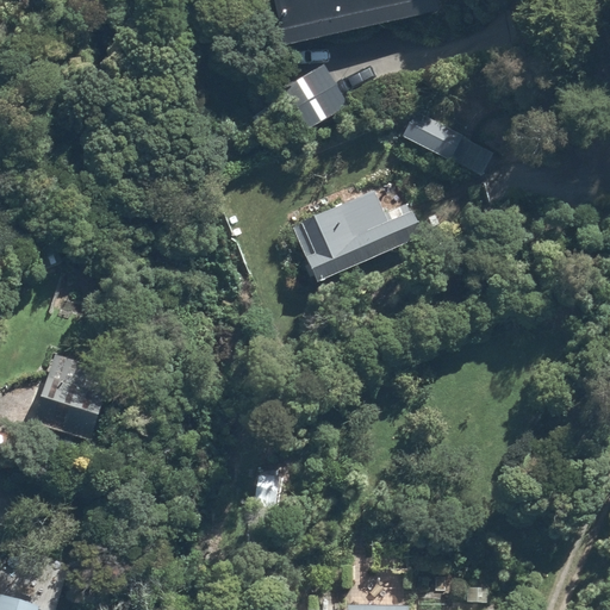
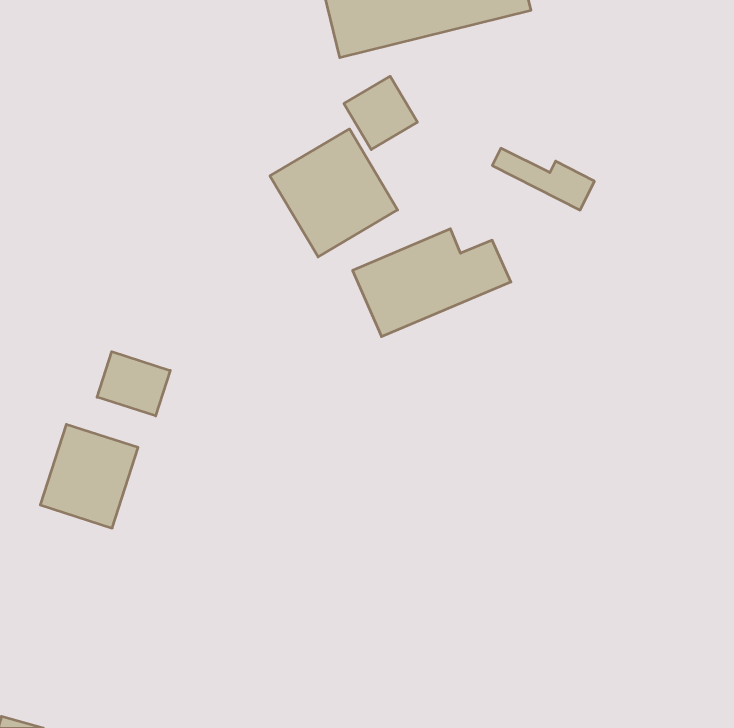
building: none -> [270,129,398,257]
building: none -> [97,352,170,416]

